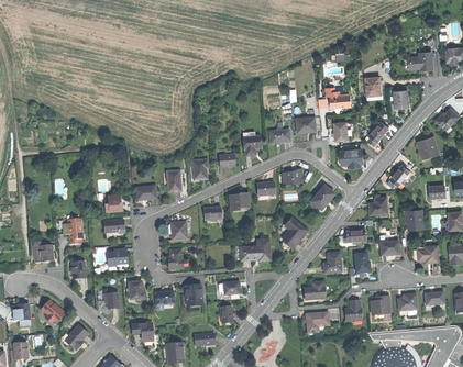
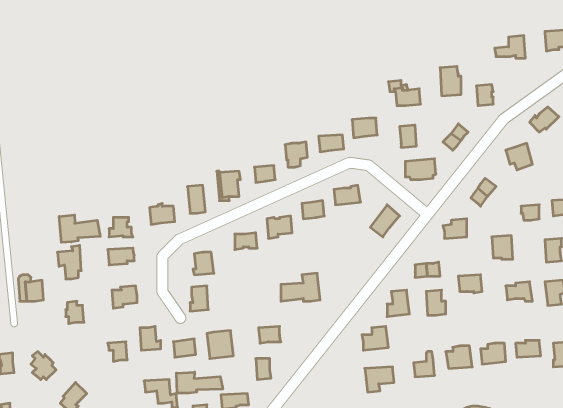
building: none -> [59,215,100,242]
building: [279,216,307,248] -> none
building: none -> [176,372,223,393]

